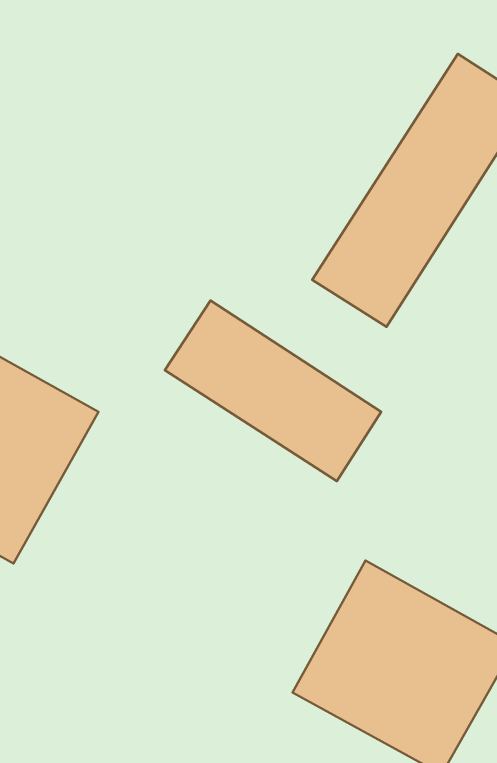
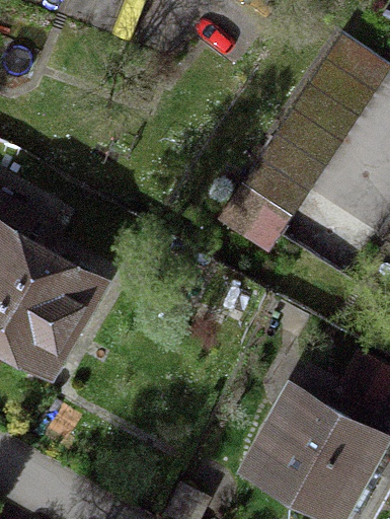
building: [165,300,381,481] -> none

